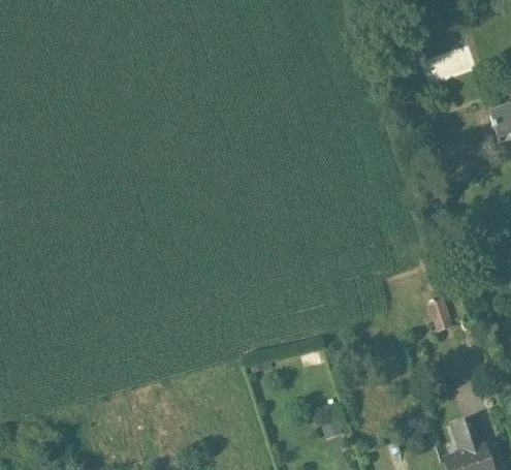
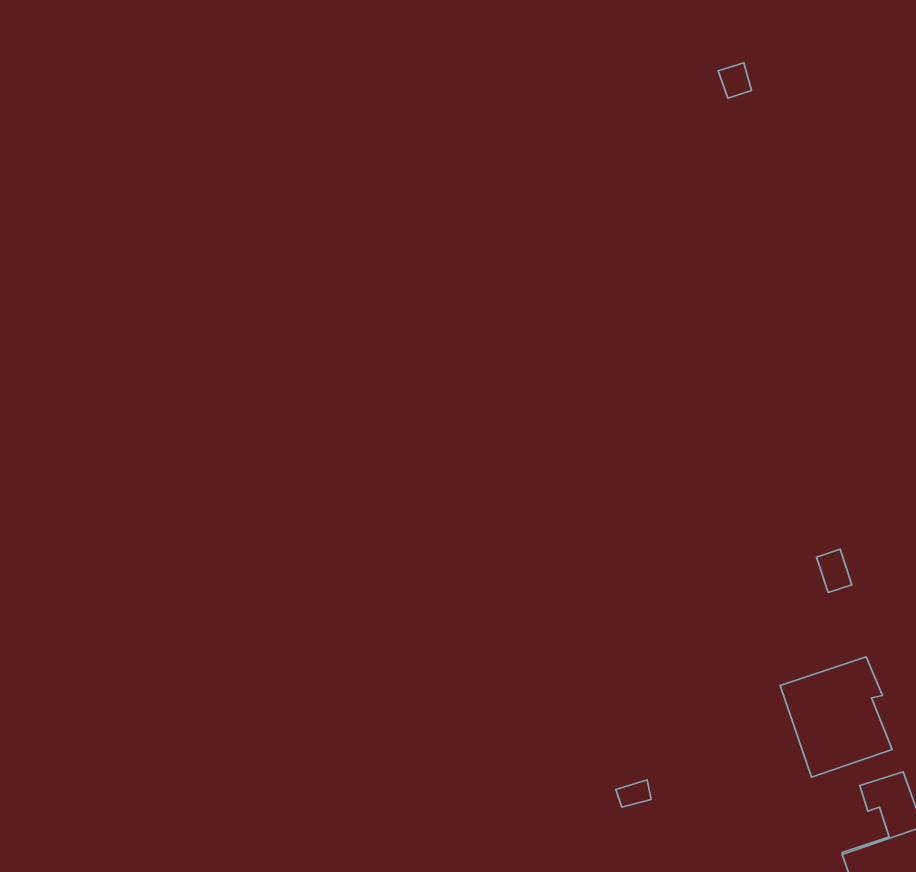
building: none -> [780,657,892,777]

